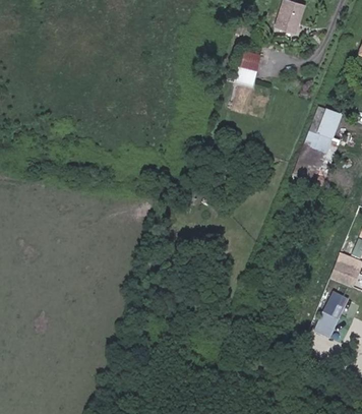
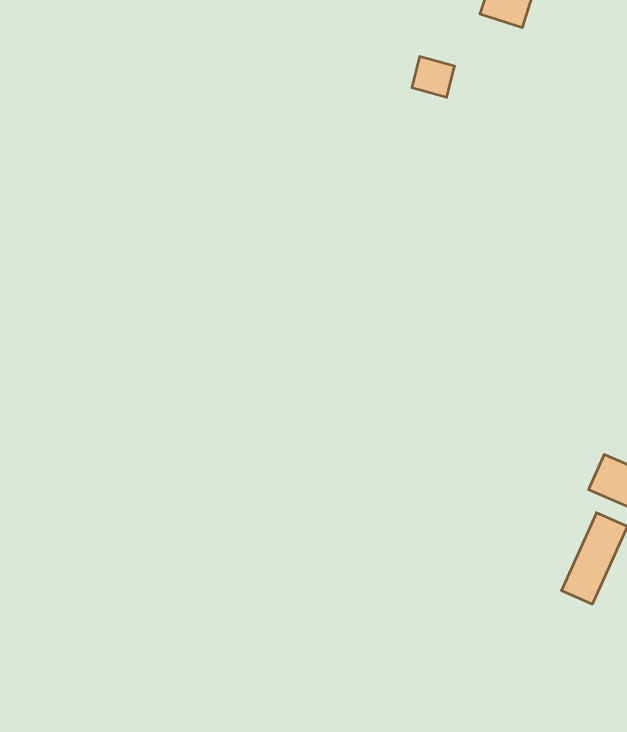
building: [318,108,345,138] -> none

